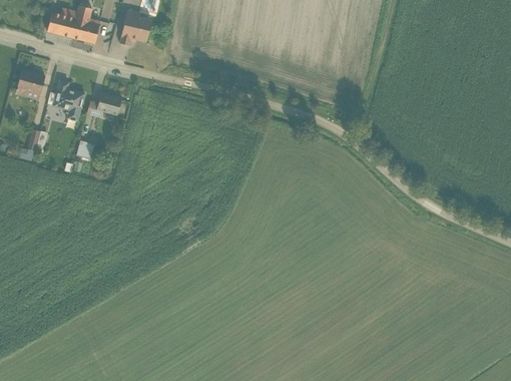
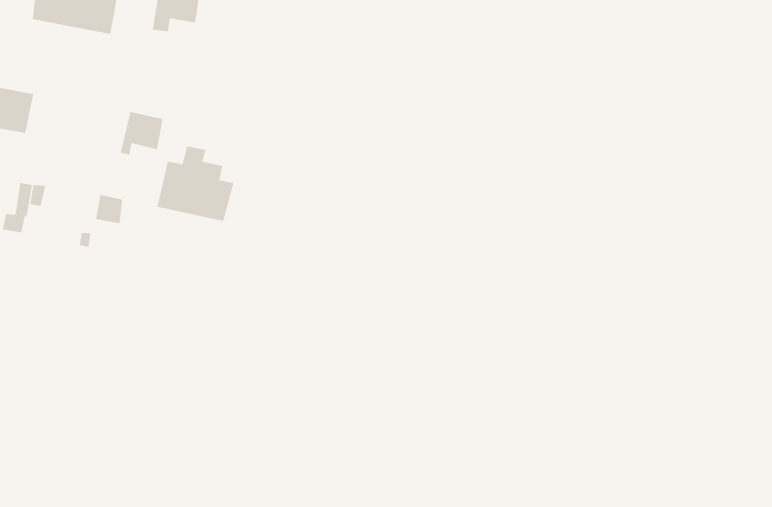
building: [53,79,84,120] -> none
building: none -> [157,146,235,222]

